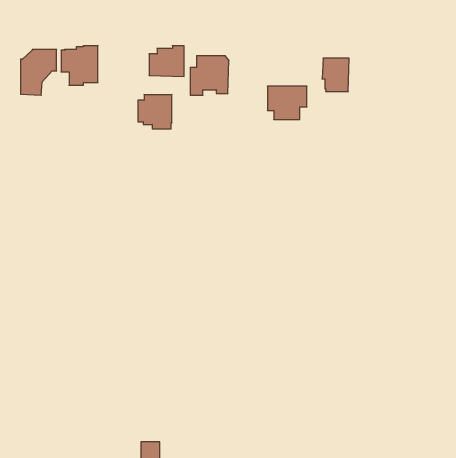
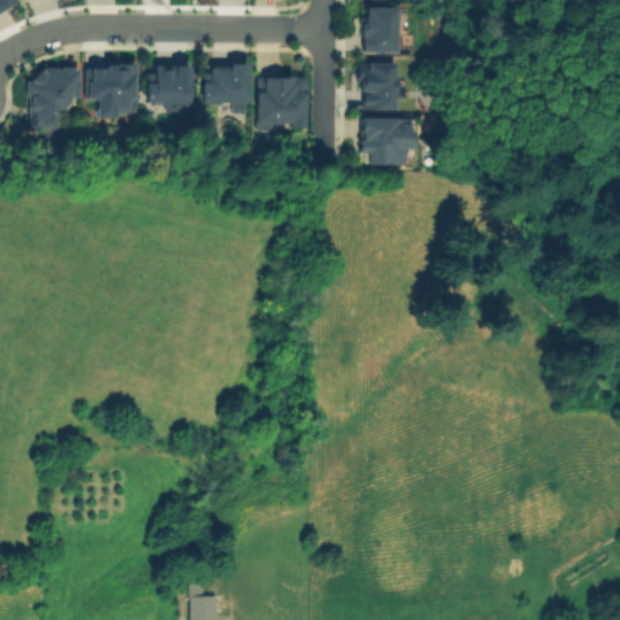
building: none -> [363,10,395,54]
building: [322,58,349,92] -> [358,65,395,110]
building: [138,95,172,129] -> [145,65,191,111]

